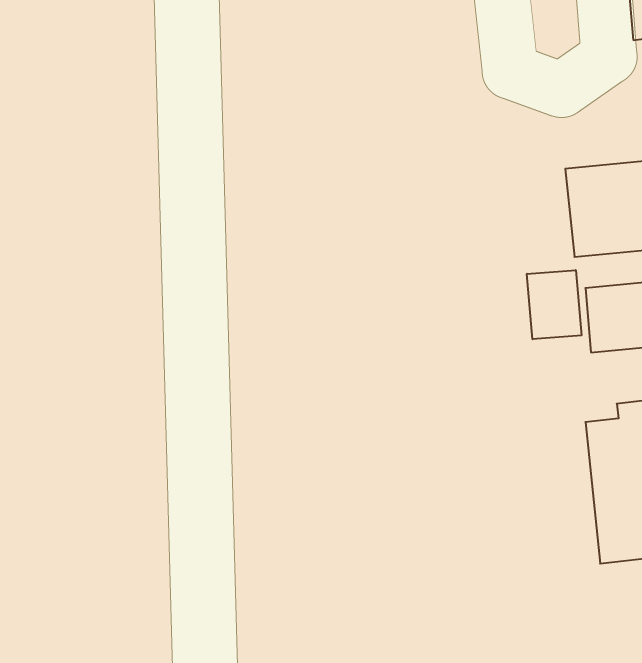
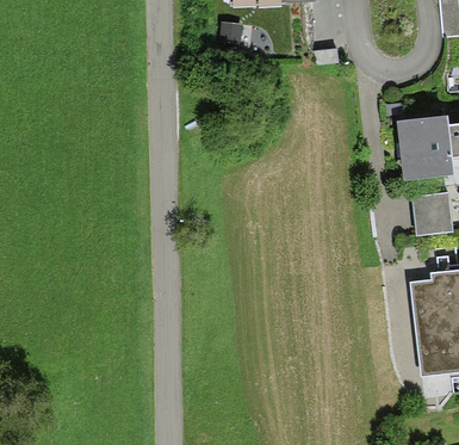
building: [527,270,581,339] -> none

